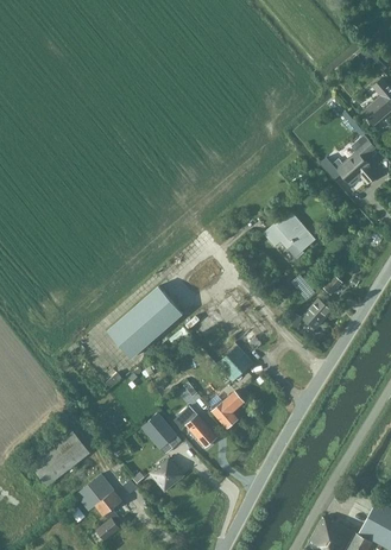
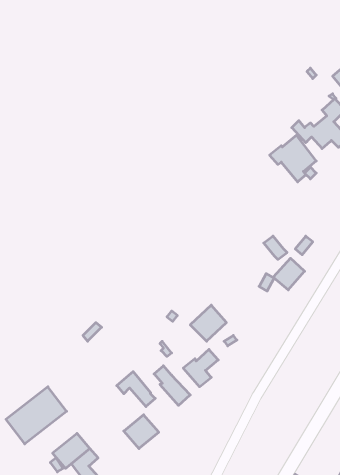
building: [266,214,314,261] -> [270,135,316,182]
building: [108,286,182,358] -> none

